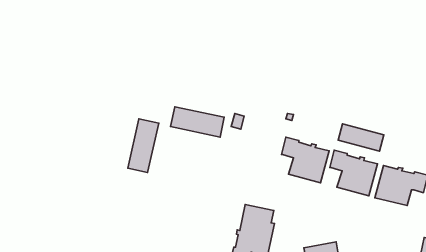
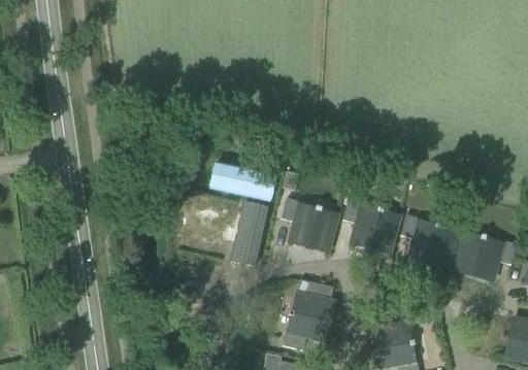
building: [128,119,159,173] -> [231,202,268,266]
building: [338,124,384,151] -> none
building: none -> [280,198,337,251]

